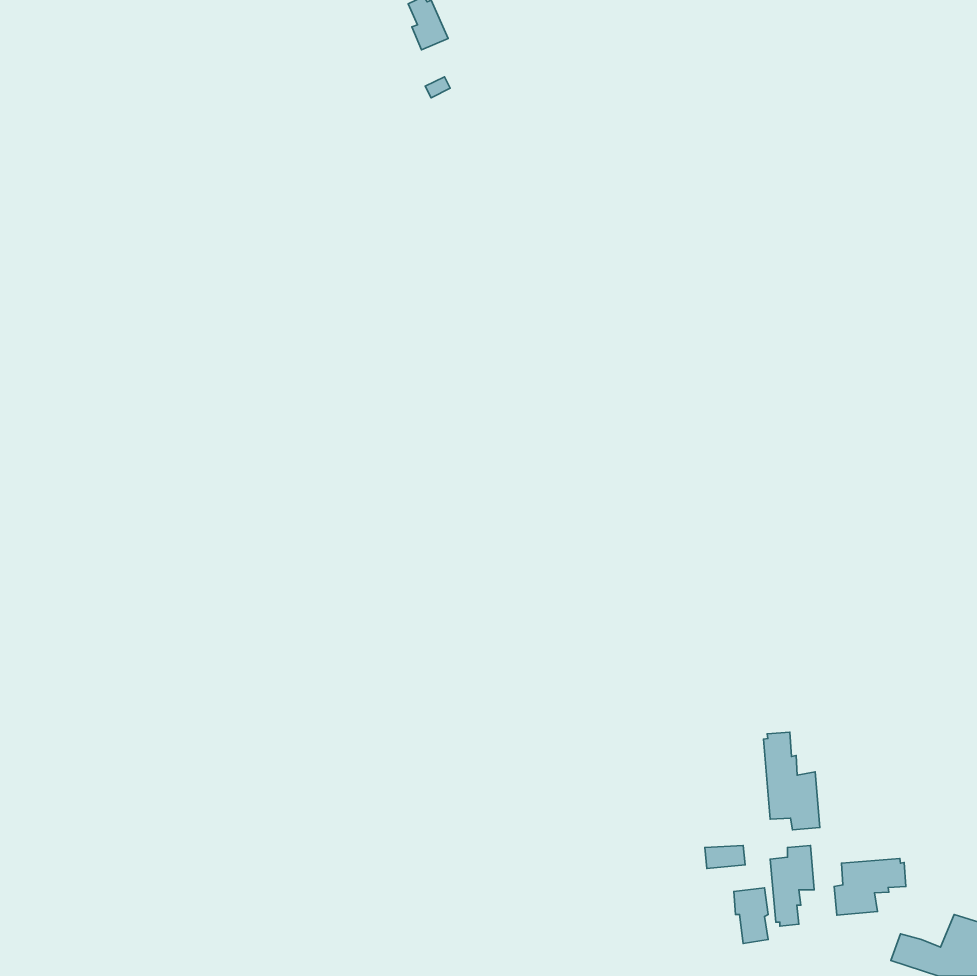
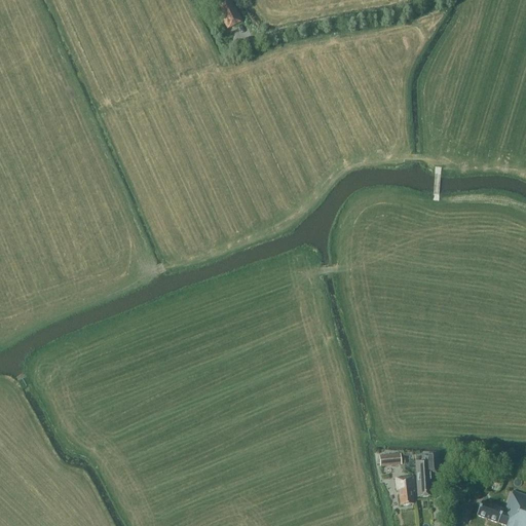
building: [763,732,820,830] -> none
building: [834,858,906,915] -> none

